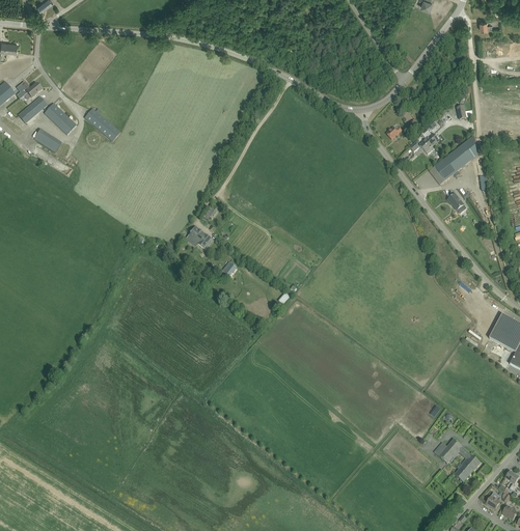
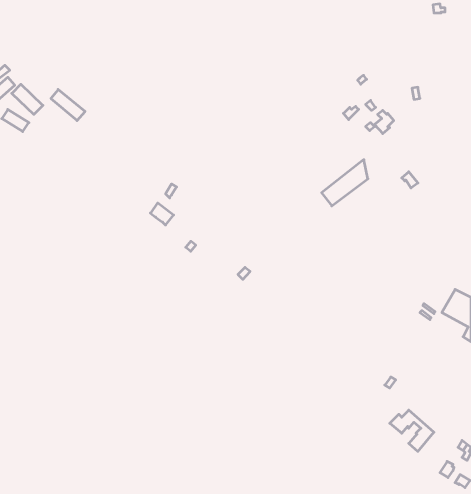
building: [429,136,476,184] -> [322,160,368,206]

